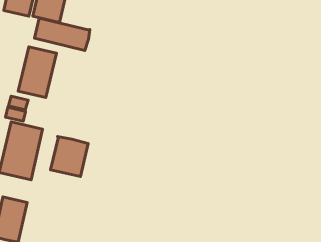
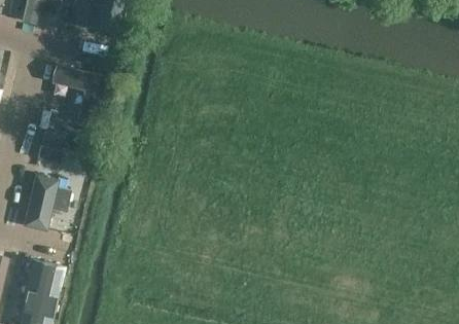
building: [35,18,90,50] -> none
building: [51,137,88,177] -> none

